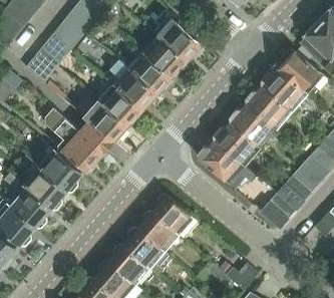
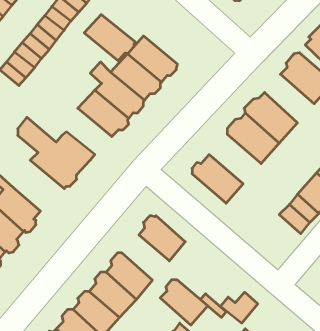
building: [156,18,202,59] -> [84,15,135,61]
building: [263,68,308,111] -> none
building: [83,98,128,139] -> none
building: [215,121,261,166] -> none
building: [41,148,81,191] -> none
building: [262,193,296,227] -> none
building: [137,211,180,251] -> [160,280,208,325]

